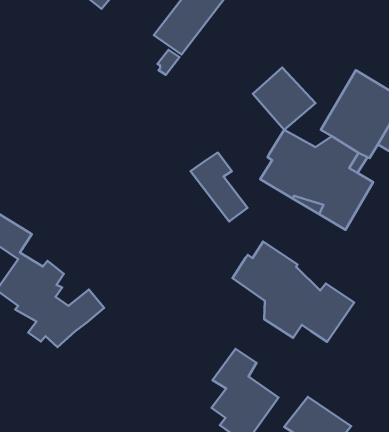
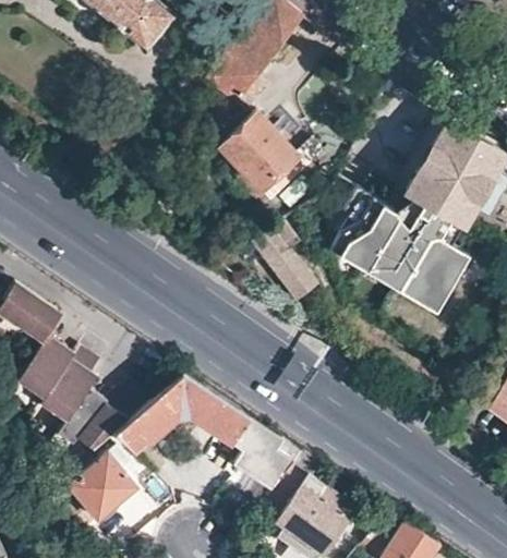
building: [253,67,315,130] -> [222,114,297,189]
building: [232,242,354,342] -> none
building: none -> [114,375,292,490]
building: none -> [67,454,136,545]

